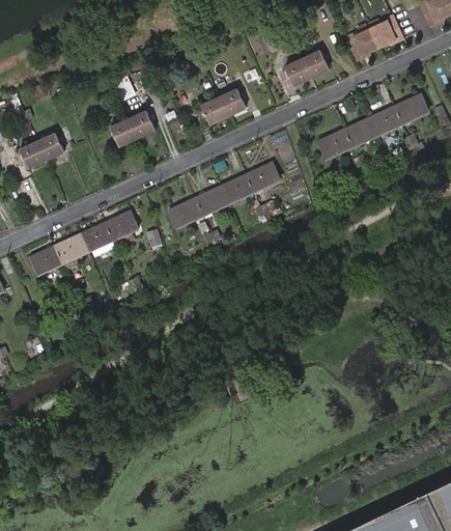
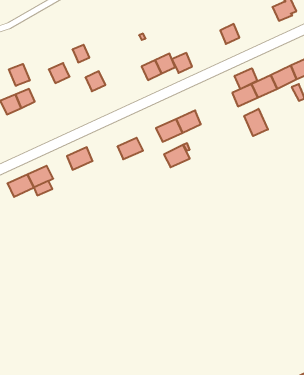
building: [345,29,378,56] -> none
building: [284,59,310,85] -> [172,53,192,73]
building: none -> [9,64,30,86]
building: none -> [235,68,257,89]
building: [110,120,137,146] -> [49,63,70,83]
building: none -> [244,109,268,136]
building: [195,186,228,215] -> [164,145,190,167]
building: [79,222,112,251] -> none

